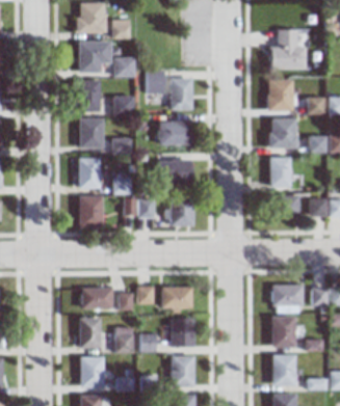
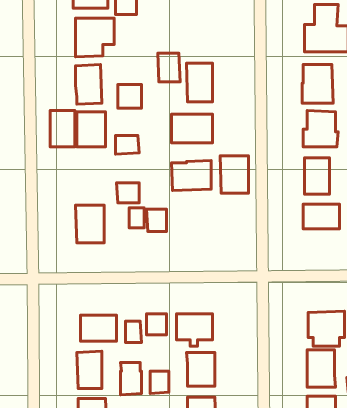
building: [114,57,135,76] -> none
building: [79,158,100,188] -> [50,111,75,147]
building: [171,195,194,226] -> [220,156,249,193]

